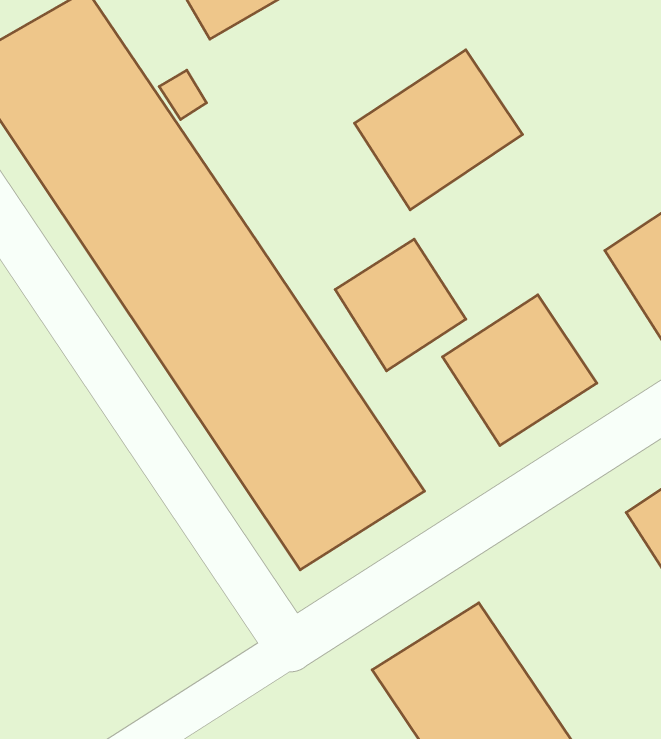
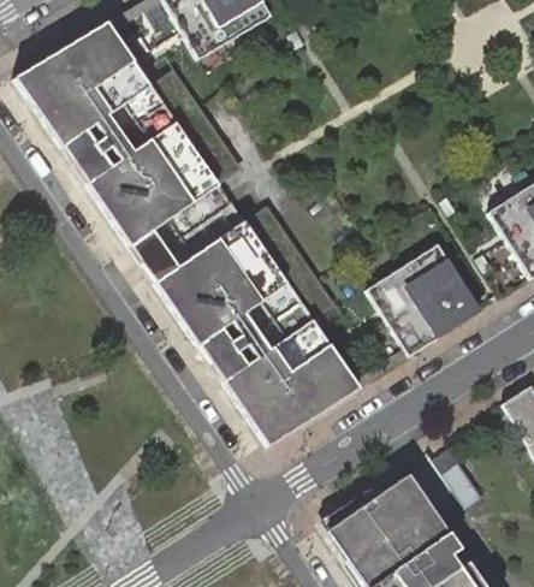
building: [355,50,523,210] -> none
building: [335,239,466,371] -> none

